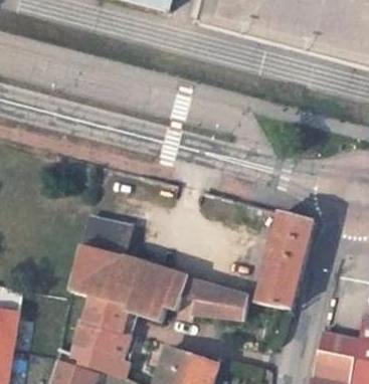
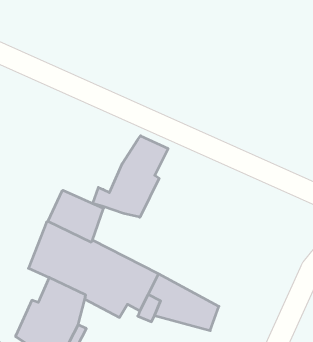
building: none -> [93,136,168,217]
building: [259,212,315,310] -> none

